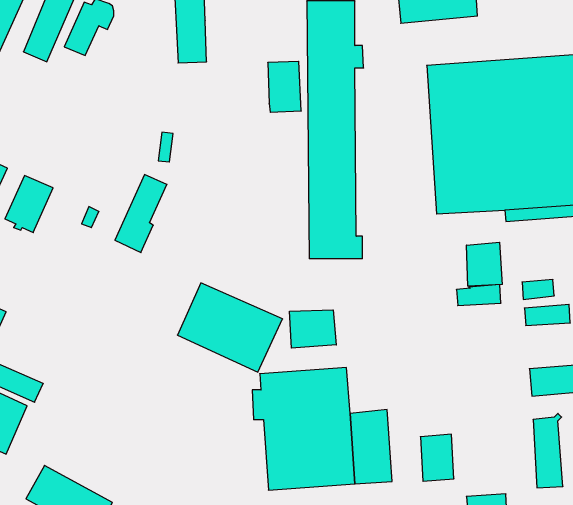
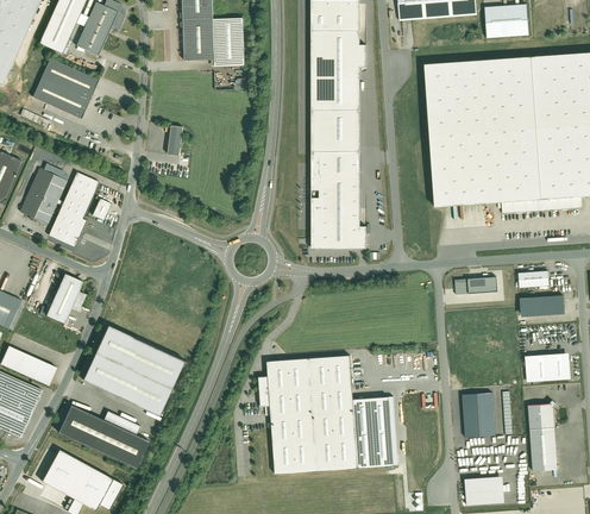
building: none -> [487,8,529,42]
building: none -> [32,58,99,118]
building: [268,61,301,112] -> [213,19,245,68]
building: [115,175,167,253] -> [49,171,99,246]
building: [467,242,502,286] -> none
building: [177,283,283,372] -> [83,330,184,415]
building: none -> [45,272,84,321]
building: [290,310,336,348] -> none
building: none -> [62,406,150,468]
building: [420,434,454,481] -> [463,393,495,438]

